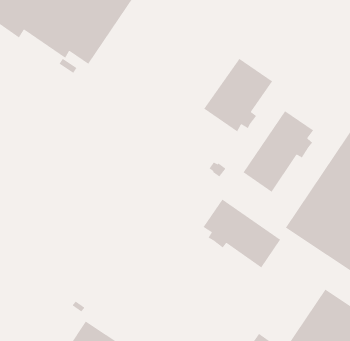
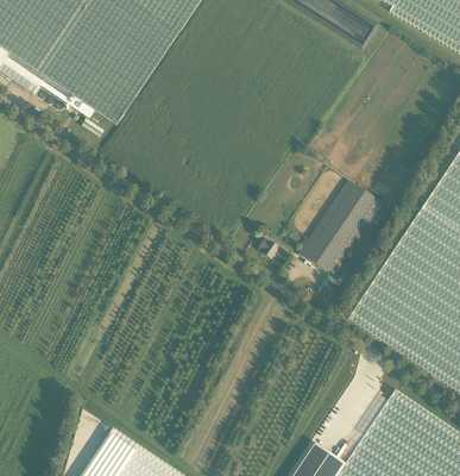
building: [203,58,273,132] -> none
building: [203,198,281,268] -> none

